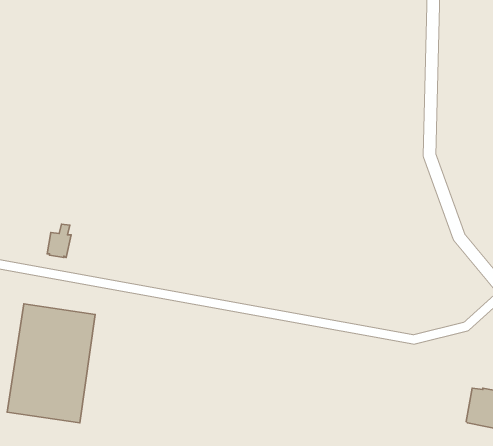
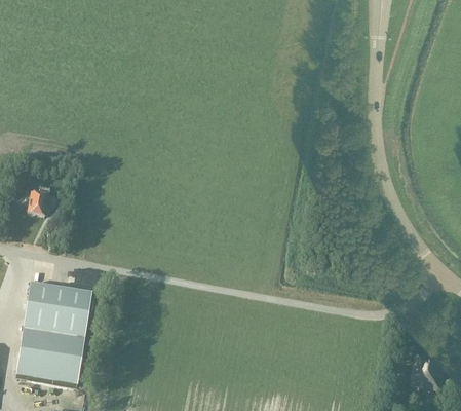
building: [47,224,71,257] -> [28,185,48,214]

